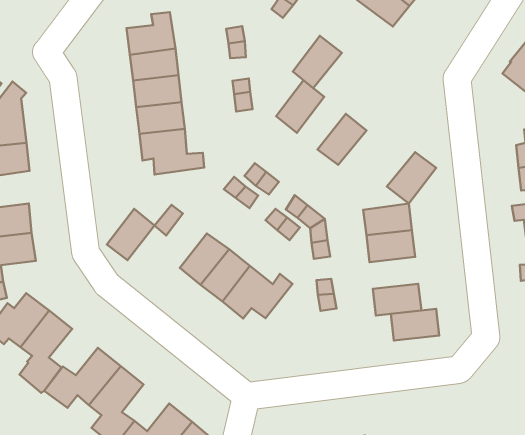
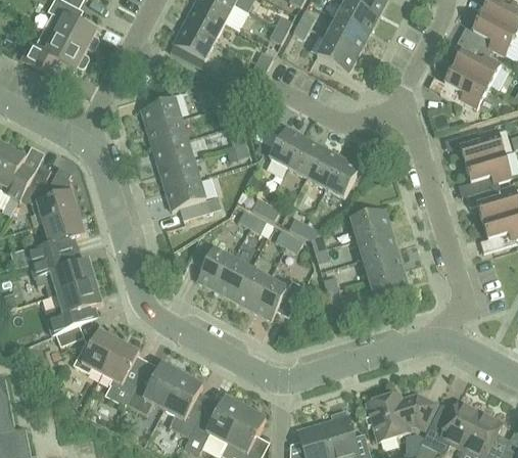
building: [293,36,342,88] -> [287,135,323,177]
building: [387,152,436,204] -> [324,155,360,196]
building: [107,209,155,260] -> [196,247,231,288]
building: [391,309,439,341] -> [362,247,403,278]

